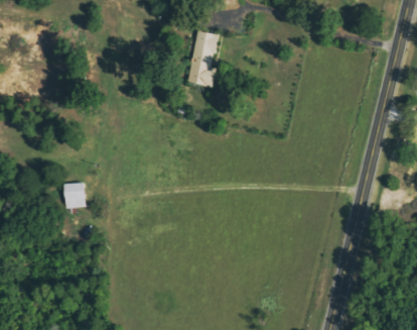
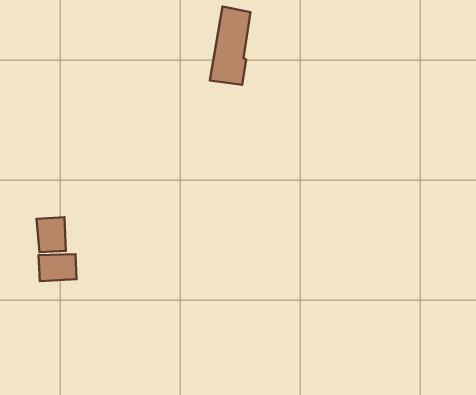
building: none -> [39,254,77,281]

